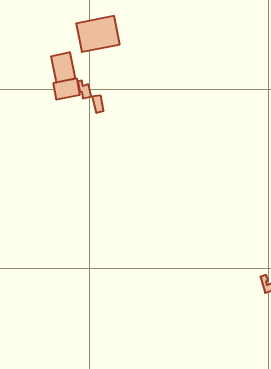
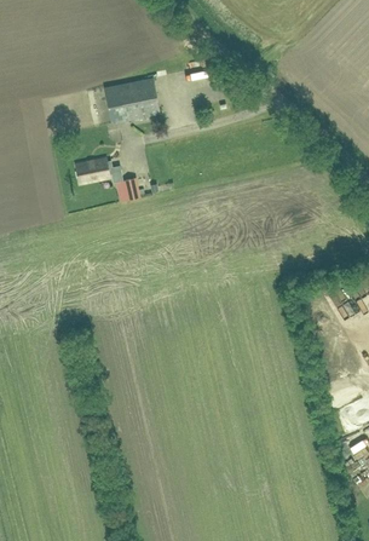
building: [51,52,75,83] -> none

